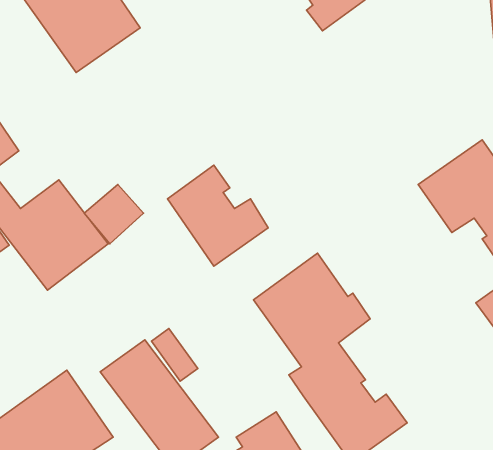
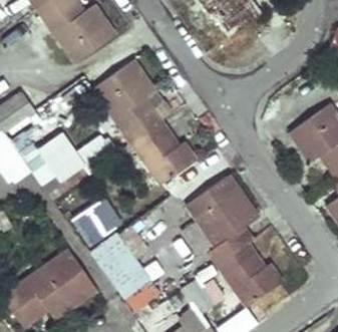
building: none -> [93,59,160,142]
building: none -> [70,195,124,246]

